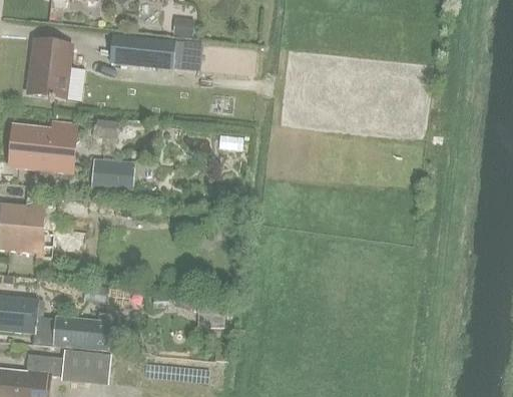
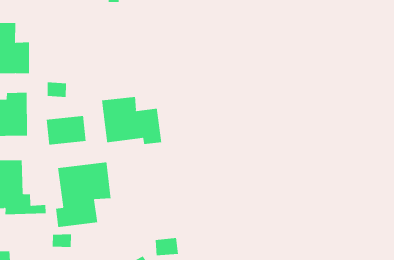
building: [108,34,200,70] -> none
building: none -> [101,96,162,145]
building: none -> [56,161,111,228]

